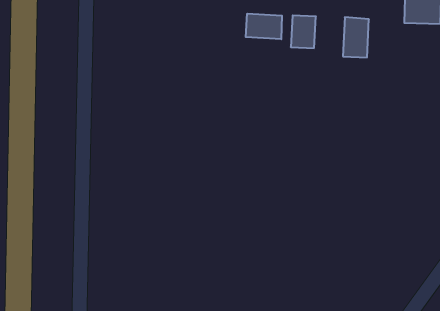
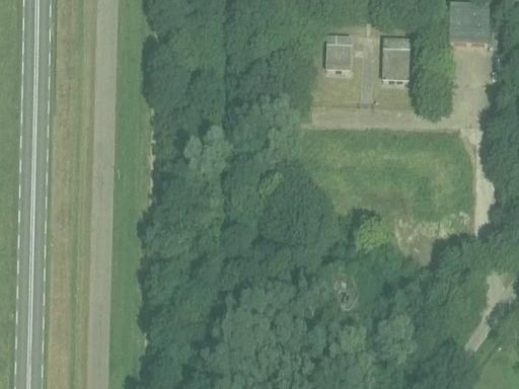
building: [246,14,282,39] -> none

